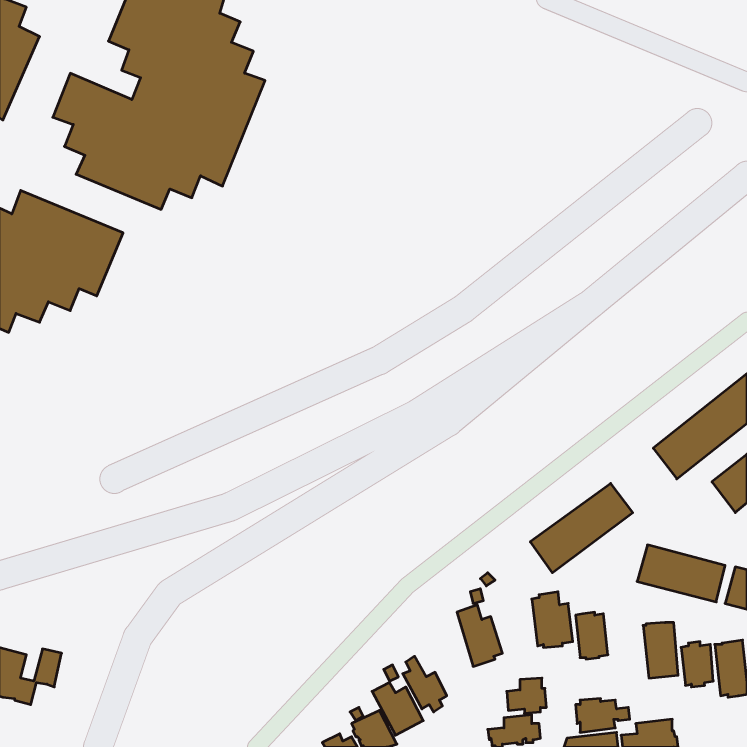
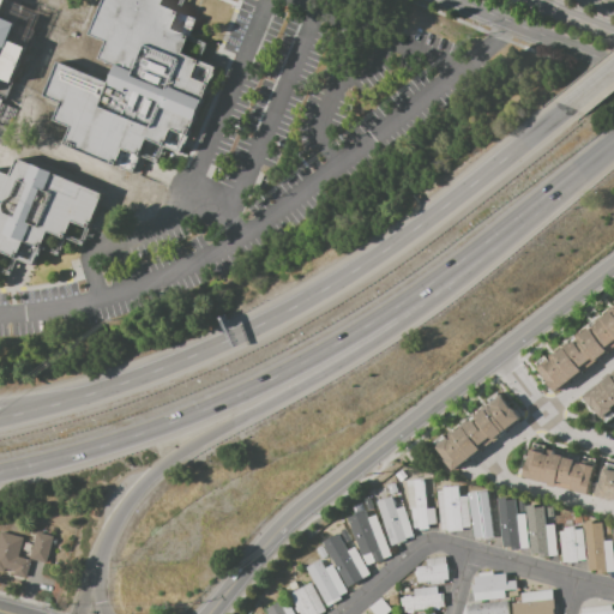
building: none -> [405,477,435,530]
building: none -> [498,502,526,546]
building: none -> [359,518,390,565]

